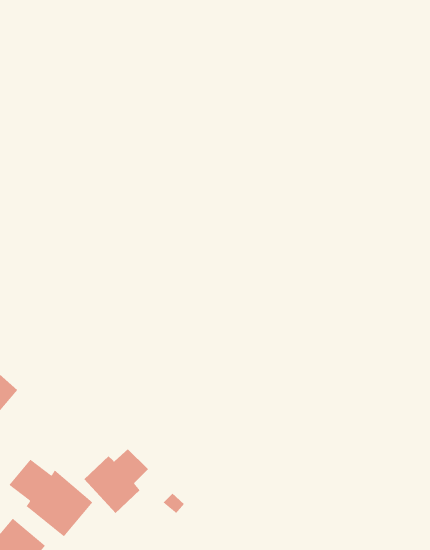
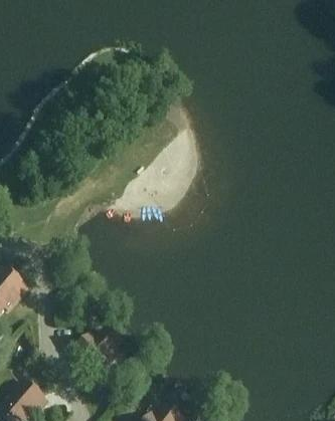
building: [9,459,93,537] -> none

